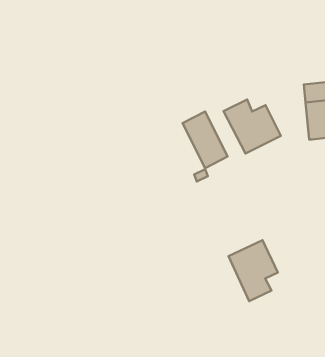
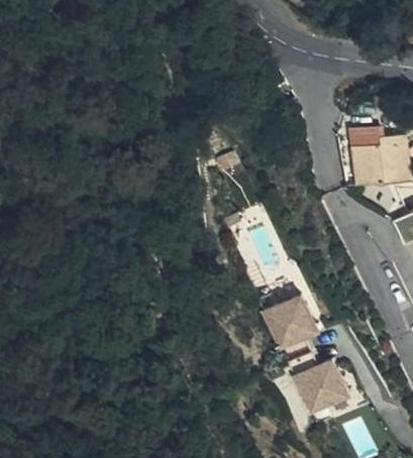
building: [224,100,281,153] -> none
building: none -> [287,354,349,417]

